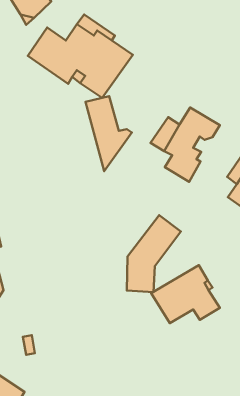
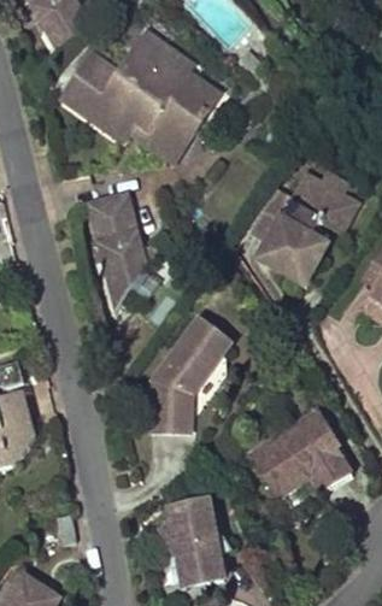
building: [86,96,132,171] -> [90,193,159,305]
building: [127,215,181,292] -> [149,316,230,430]
building: none -> [164,501,233,583]

